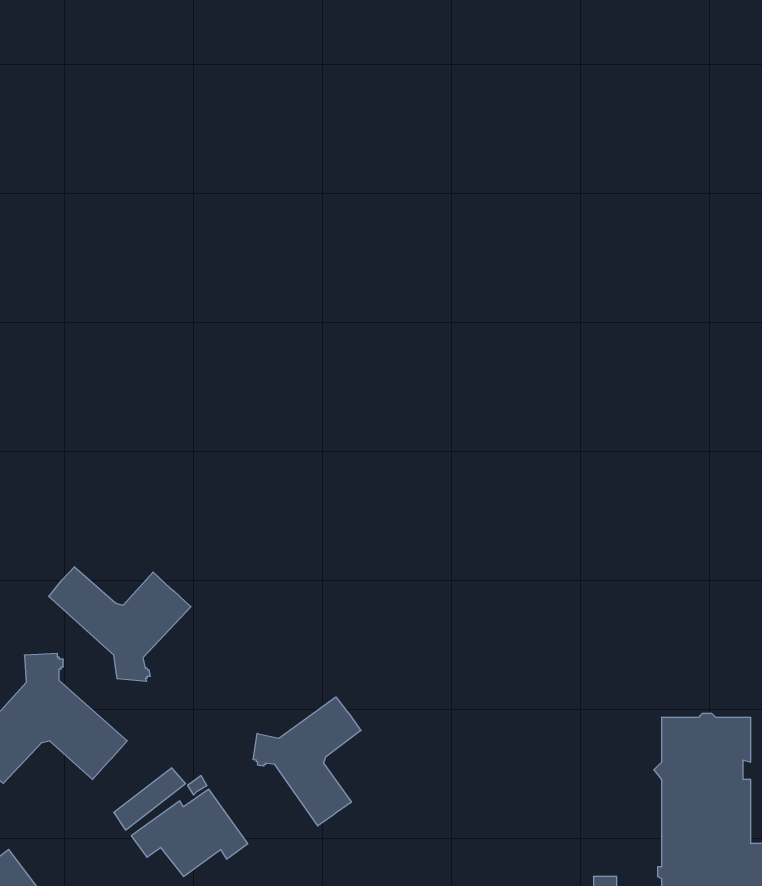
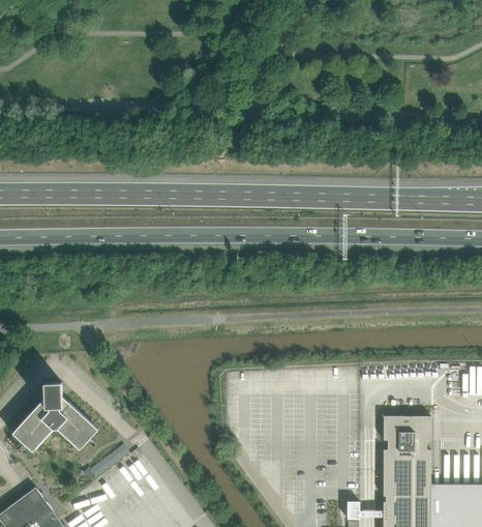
building: [49,567,191,681] -> none
building: [253,697,361,826] -> none

